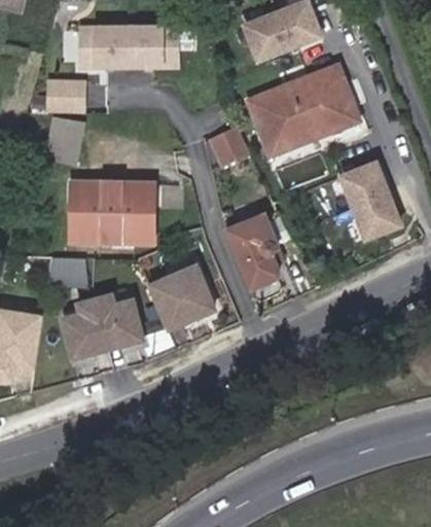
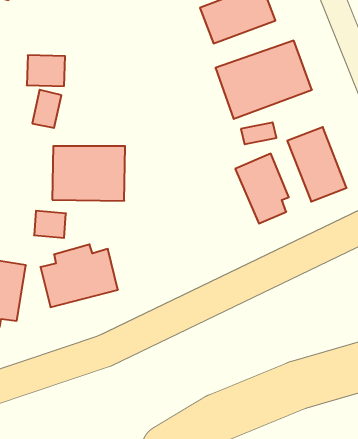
building: [75,24,178,70] -> none
building: [205,126,248,169] -> none
building: [223,213,284,292] -> [235,154,289,224]
building: [144,264,217,335] -> none

